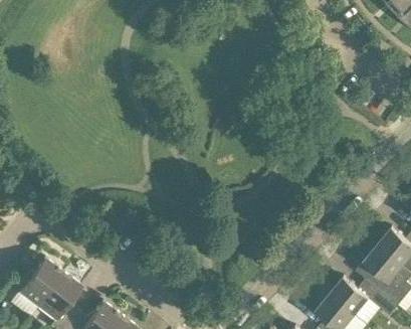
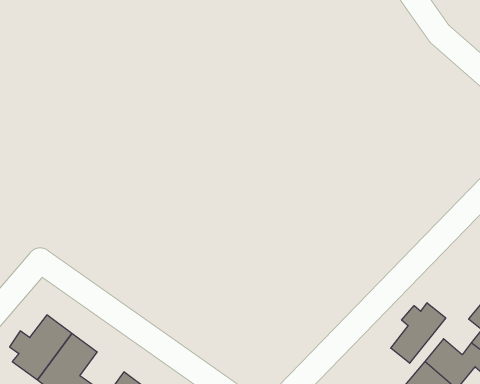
building: none -> [391,303,446,363]

